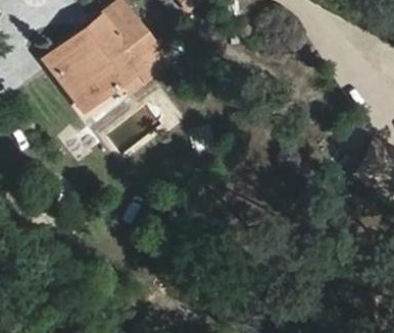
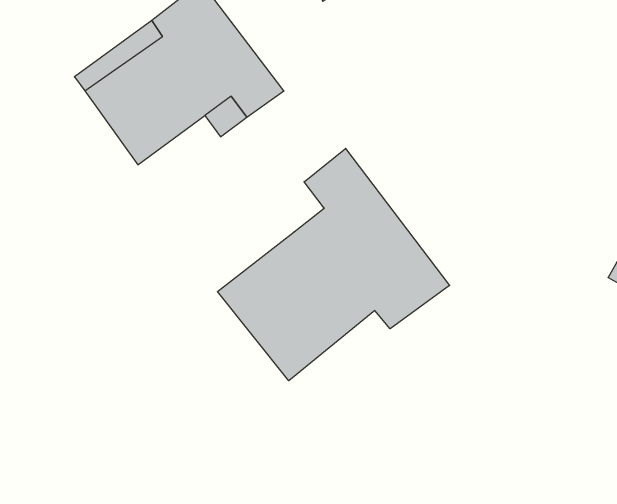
building: none -> [217,148,450,381]

